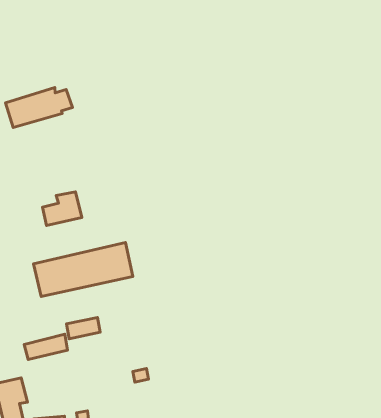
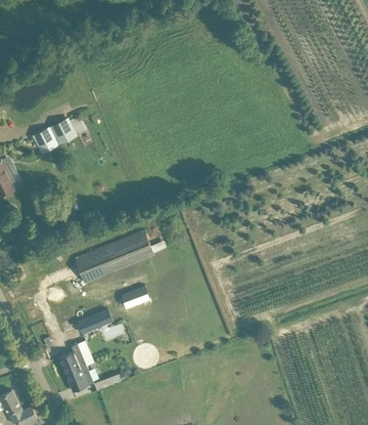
building: [43,192,82,225] -> none

